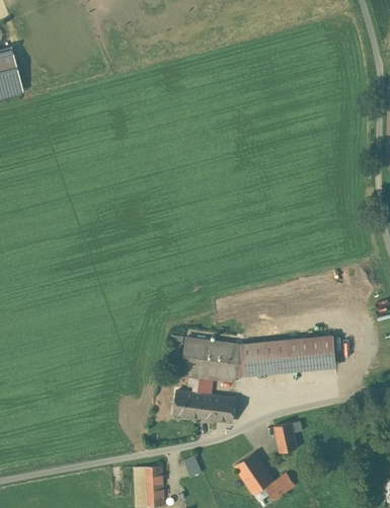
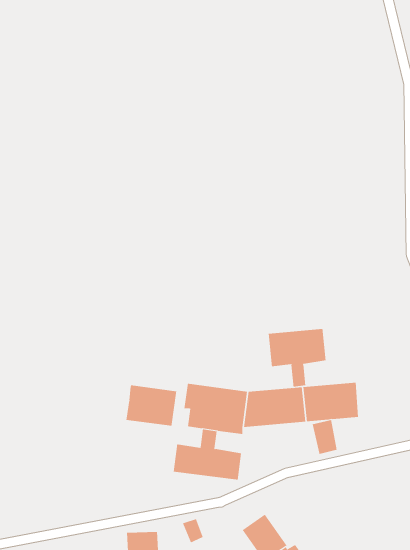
building: none -> [268,328,326,388]
building: none -> [126,385,177,427]
building: [275,422,297,452] -> [312,420,338,455]

